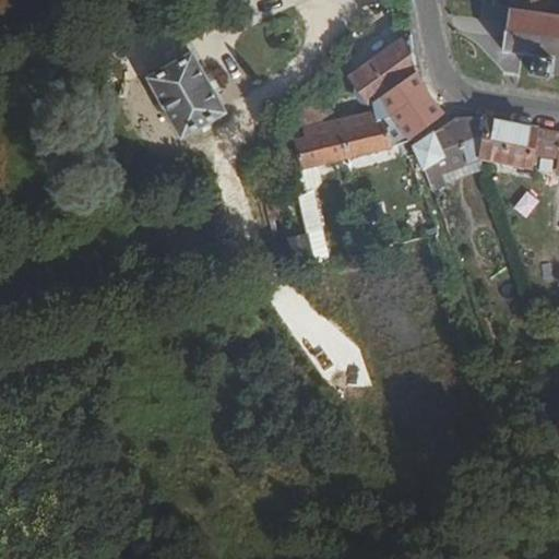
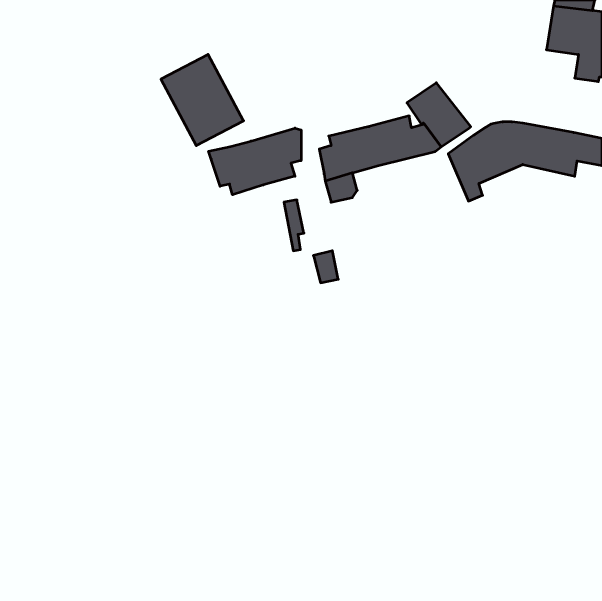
building: [352,35,416,103] -> none
building: none -> [209,128,301,195]

